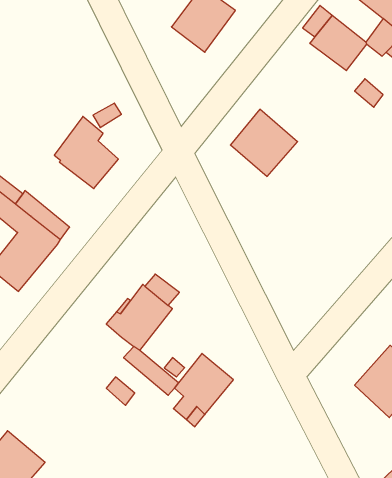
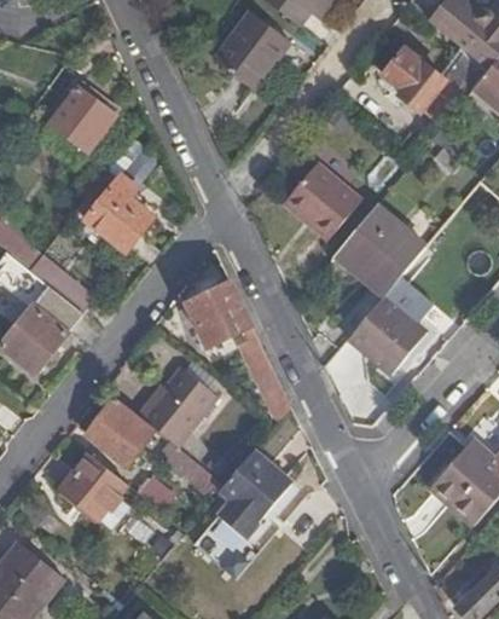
building: none -> [37,86,114,167]
building: none -> [338,203,424,290]
building: none -> [186,283,289,418]
building: none -> [347,294,428,375]
building: none -> [86,397,156,468]
building: none -> [62,453,132,530]

